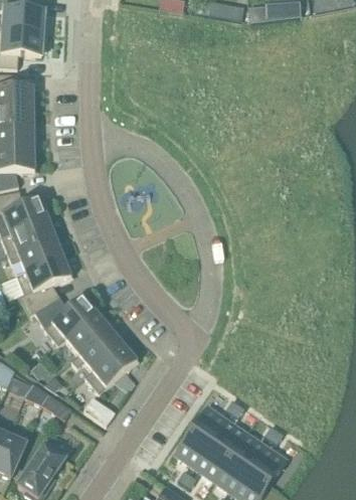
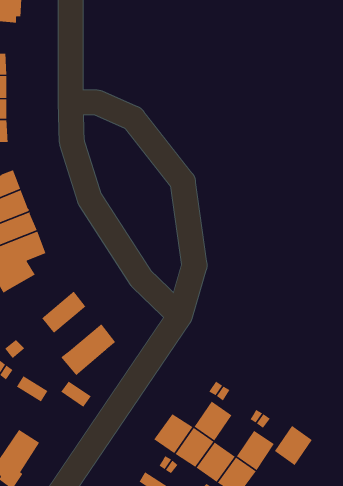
building: [34,295,97,345] -> none
building: [70,327,123,369] -> none
building: [190,402,227,442] -> none
building: [230,431,268,470] -> [274,425,313,466]

